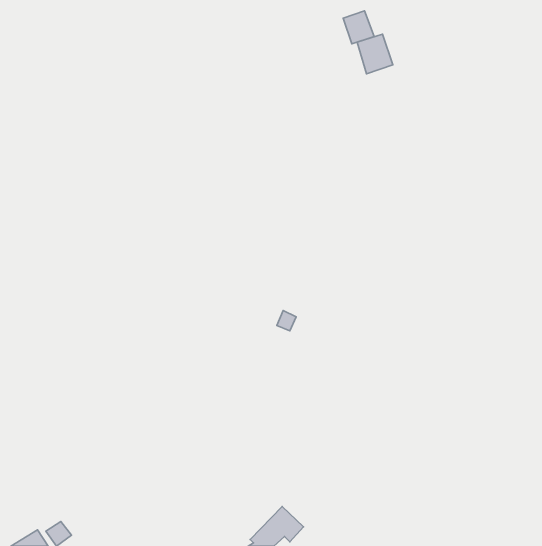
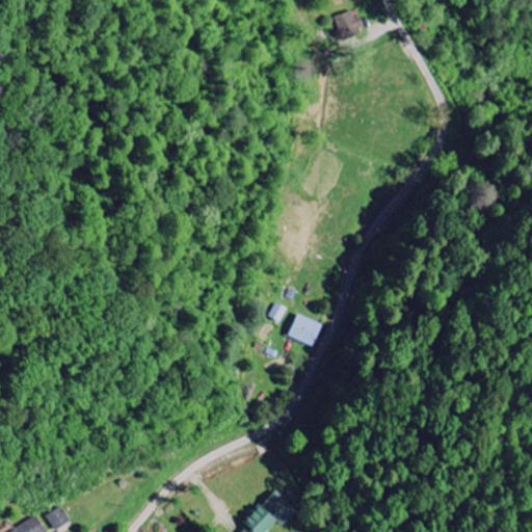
building: [357,34,393,74] -> none
building: none -> [288,314,322,346]

